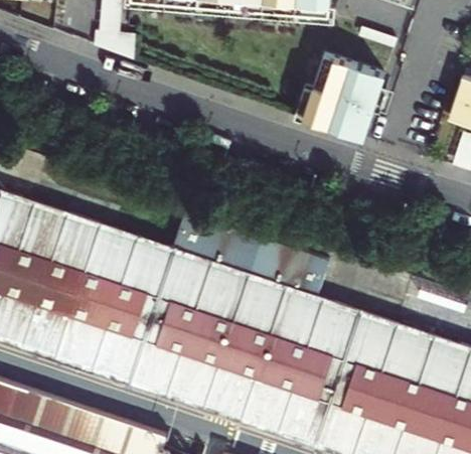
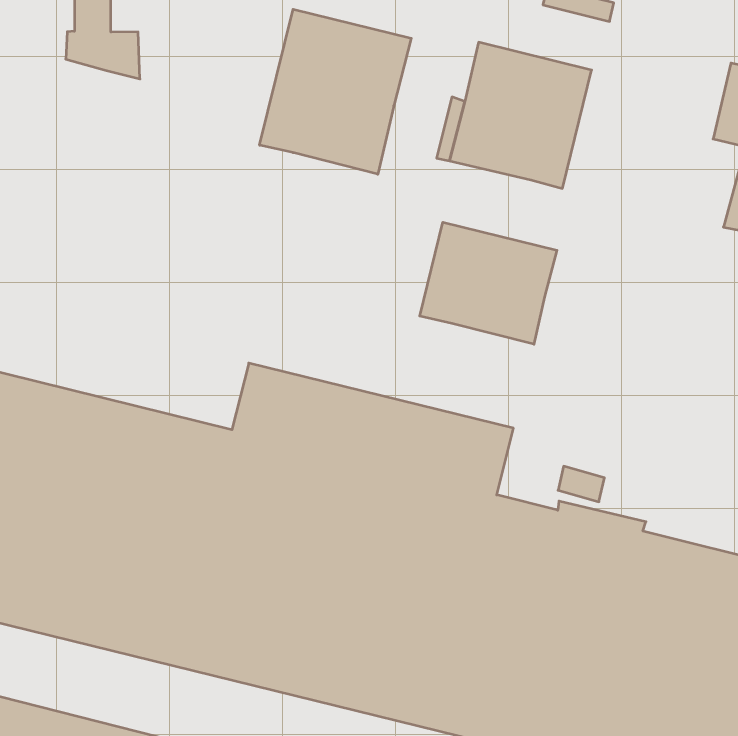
building: none -> [260,9,411,174]
building: none -> [420,222,557,344]

